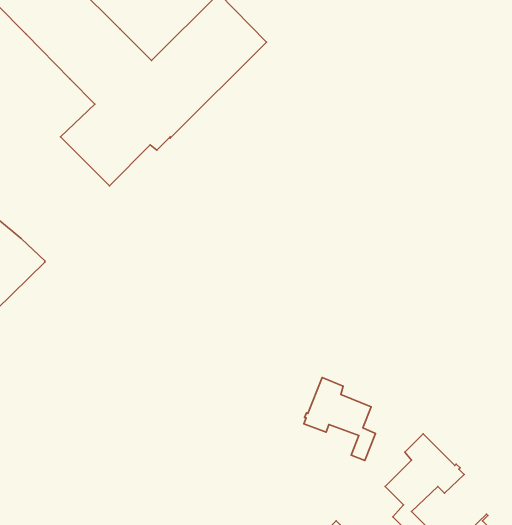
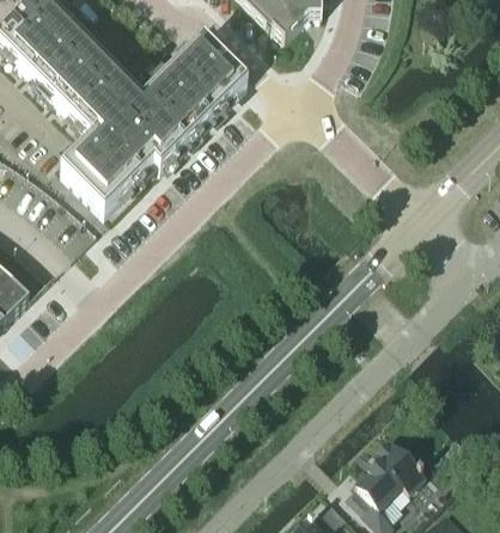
building: [304,378,375,461] -> none

